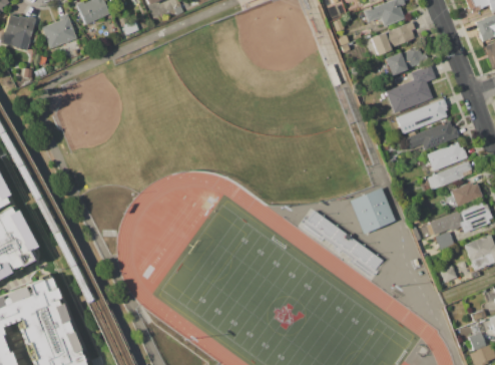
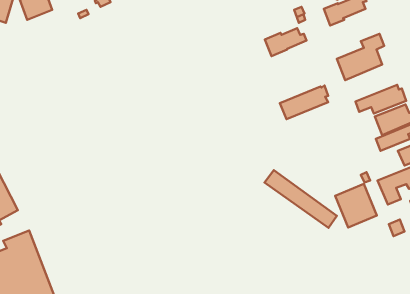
building: [384,46,429,76] -> [265,28,307,56]
building: [396,98,448,134] -> [280,86,328,119]
building: [353,189,398,236] -> [335,184,377,228]

